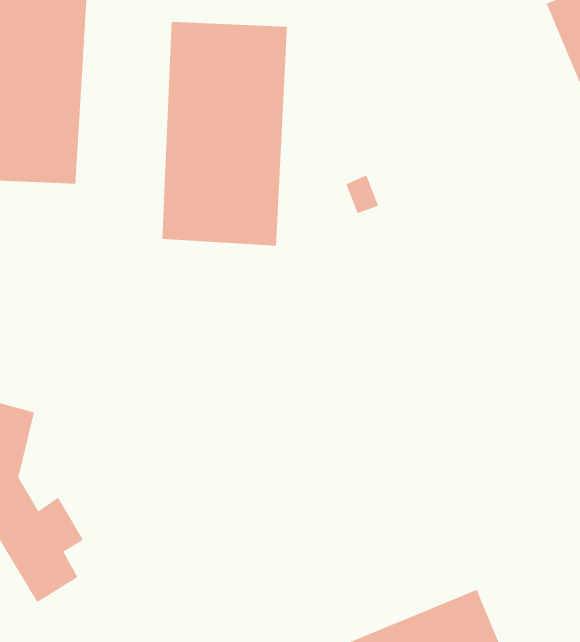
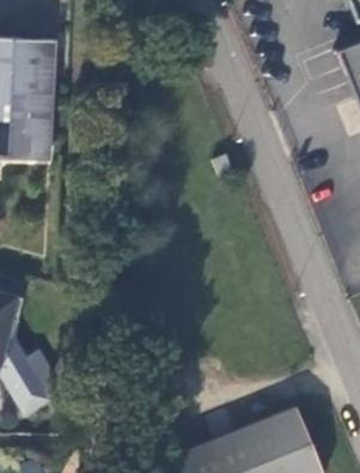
building: [162,21,288,247] -> none

